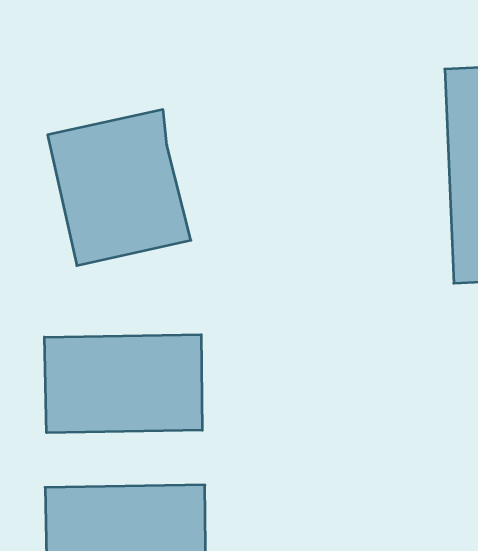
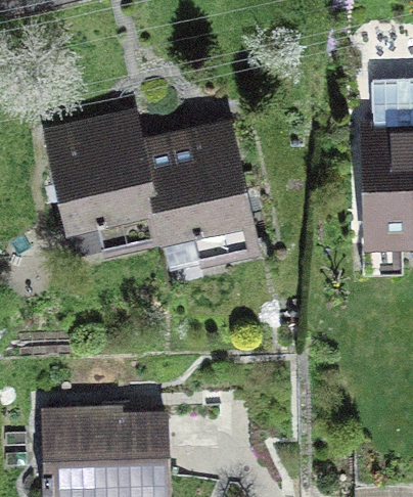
building: none -> [141,117,259,252]
building: [44,335,202,433] -> none

